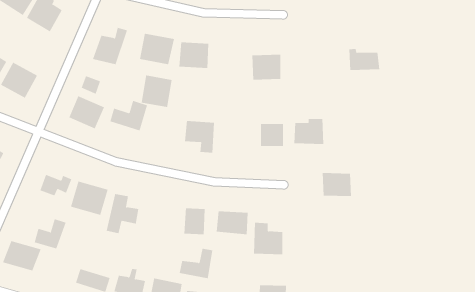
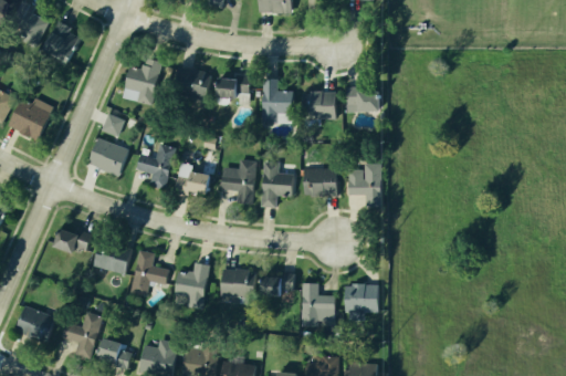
building: none -> [255,80,285,123]
building: [348,48,380,70] -> [346,88,382,114]
building: [141,75,172,108] -> [175,159,211,197]
building: none -> [261,166,293,209]
building: [322,173,352,197] -> [345,282,379,310]
building: [34,219,67,249] -> [62,313,99,348]
building: [179,248,213,279] -> [172,264,212,300]

